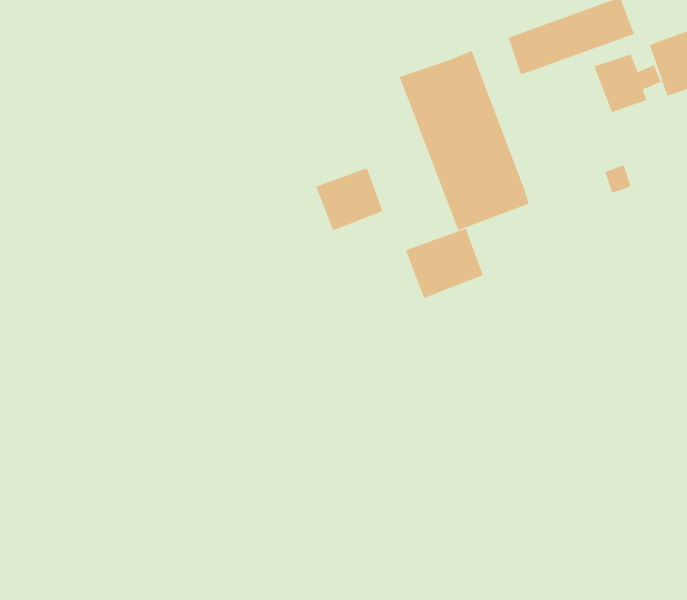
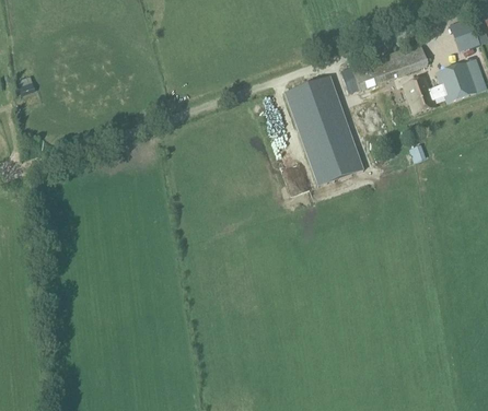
building: [316,168,383,231] -> none
building: [405,228,484,299] -> none

